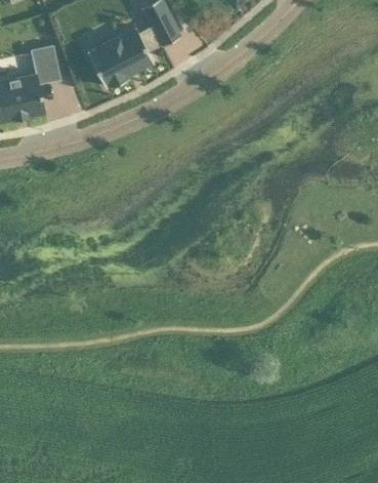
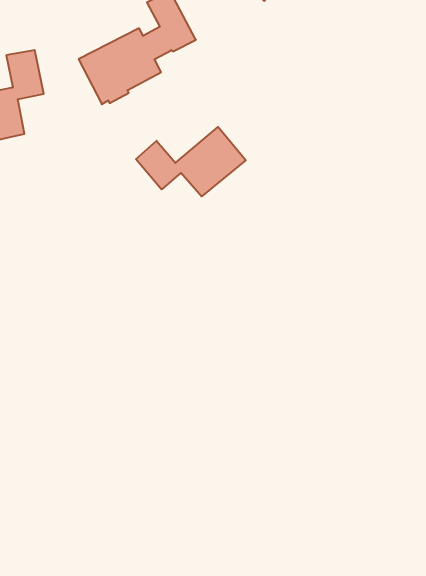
building: none -> [136,127,246,196]

